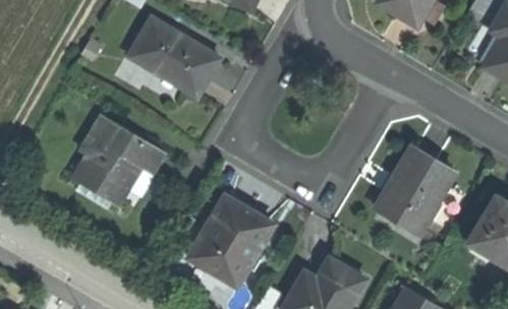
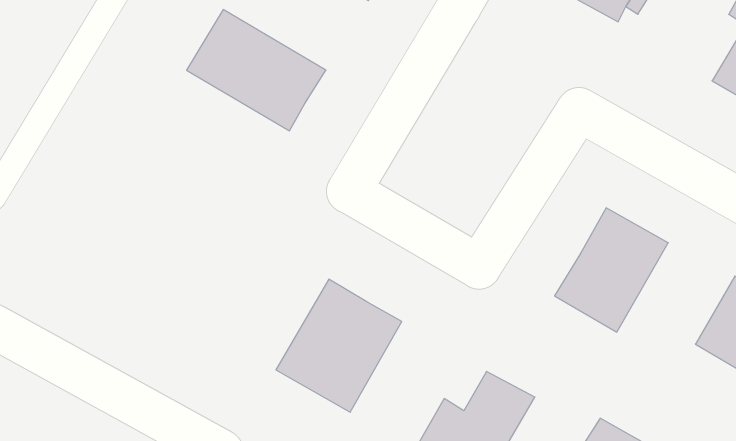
building: [77,116,168,205] -> none

